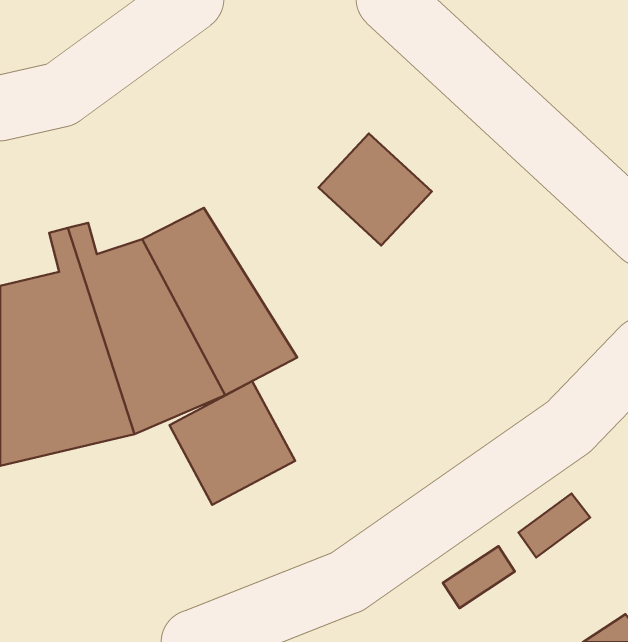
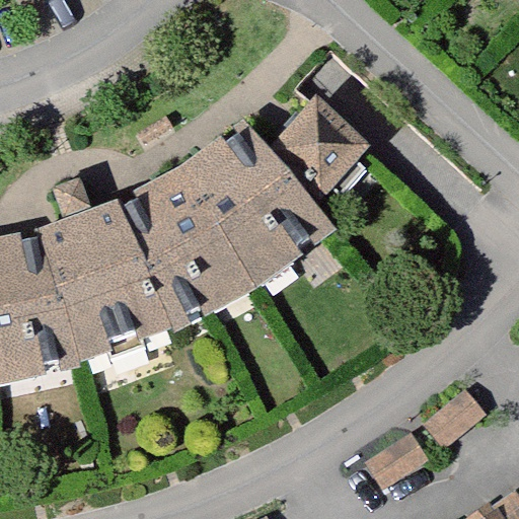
building: none -> [176,128,326,288]
building: [169,381,295,505] -> none

